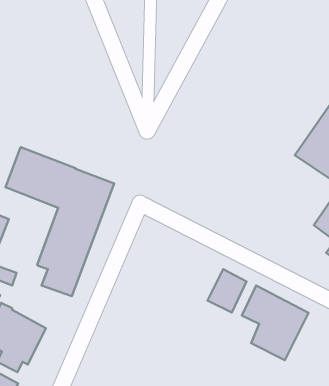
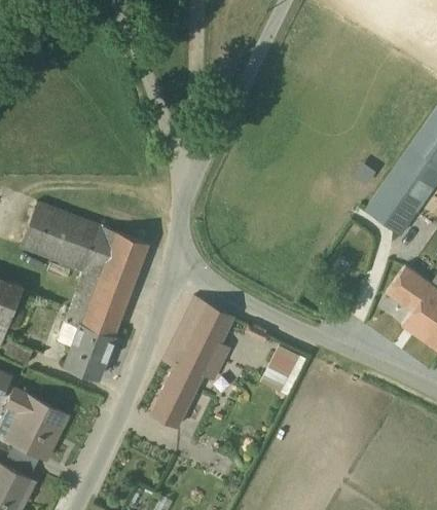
building: none -> [150,297,234,429]
building: [242,285,309,360] -> none

